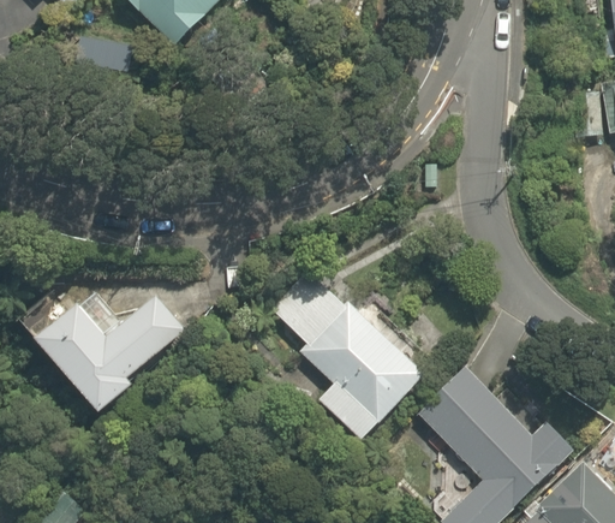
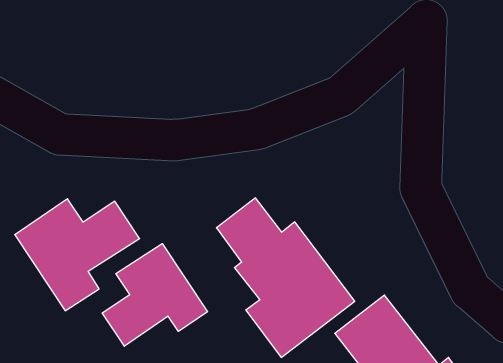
building: none -> [102,244,208,346]

